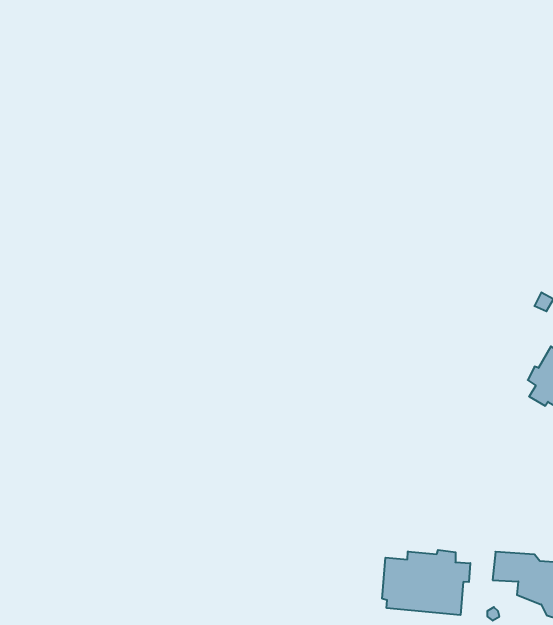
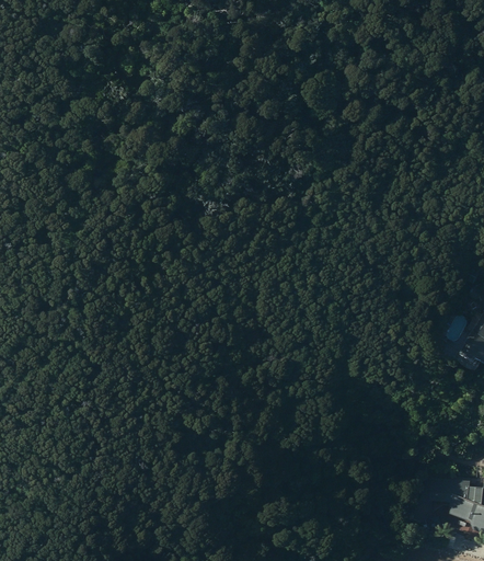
building: [382,550,470,615] -> none

